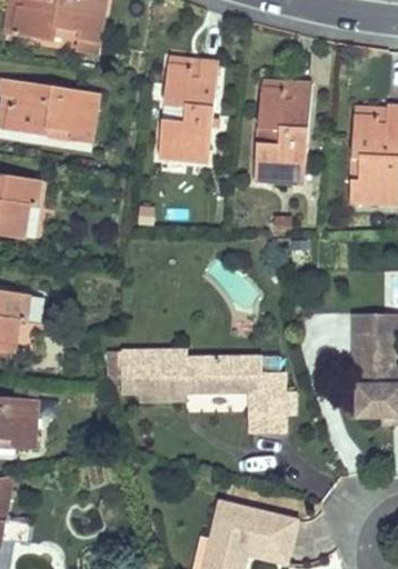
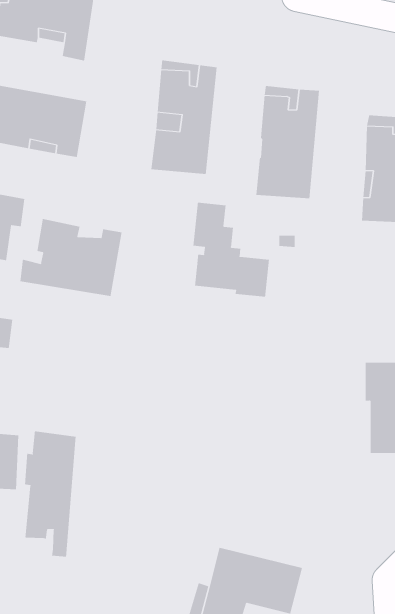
building: none -> [193,202,270,298]
building: none -> [20,218,122,297]
building: [123,348,295,429] -> none
building: none -> [24,431,76,558]

